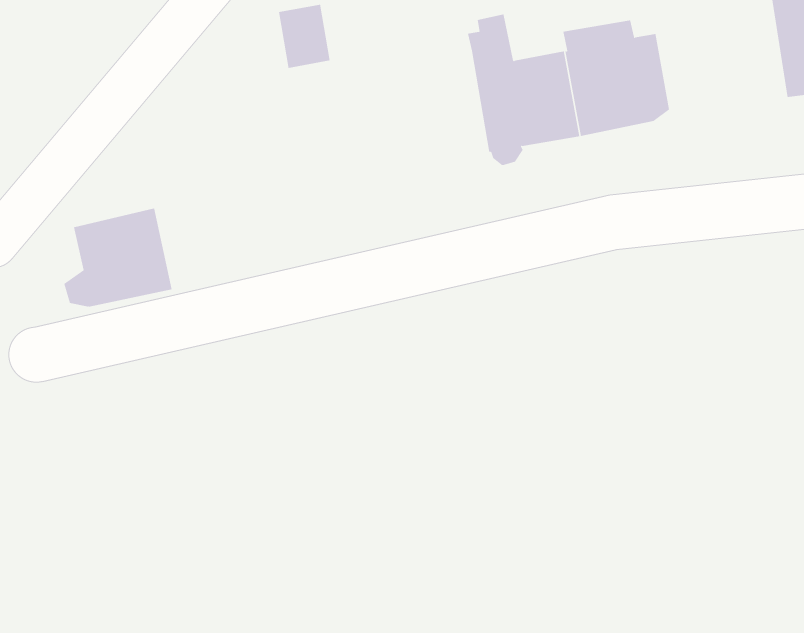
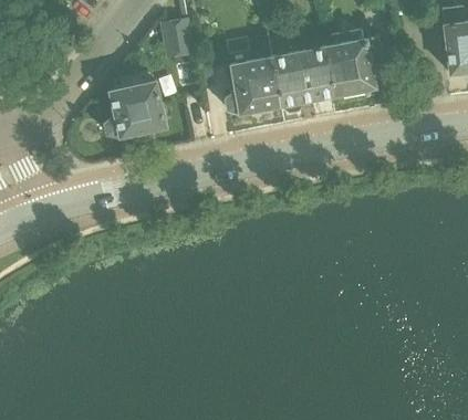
building: none -> [225,48,281,114]
building: [63,208,173,307] -> [103,81,165,137]

